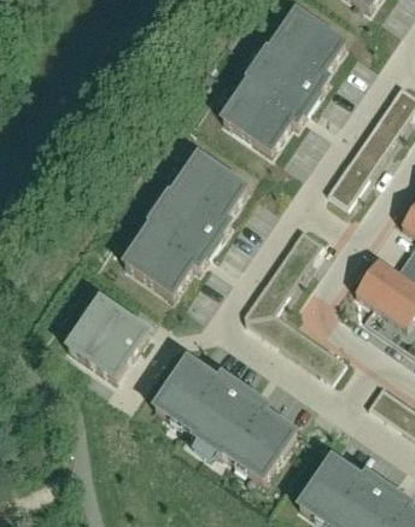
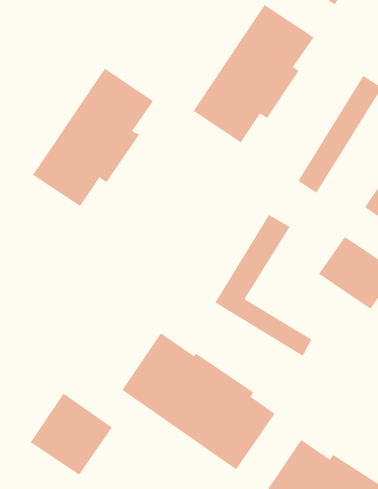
building: [123,152,251,298] -> [32,68,154,207]
building: [64,293,151,380] -> [30,393,113,476]

